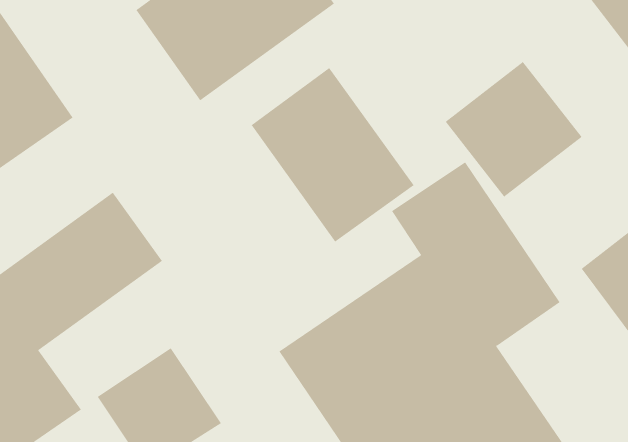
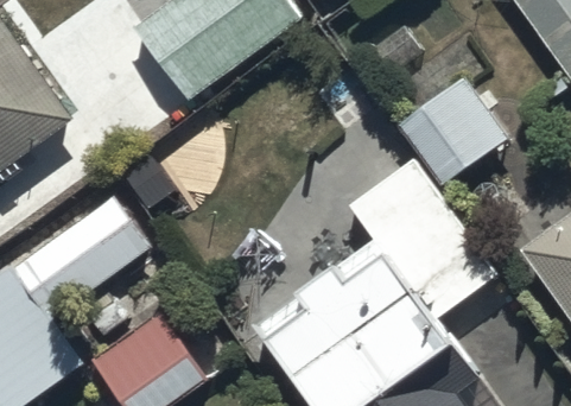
building: [251,67,415,243] -> none

